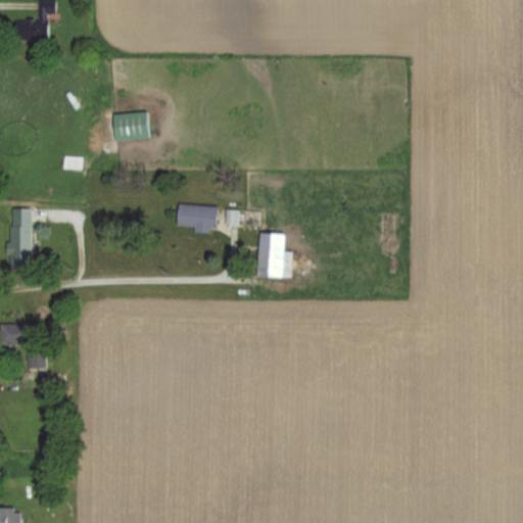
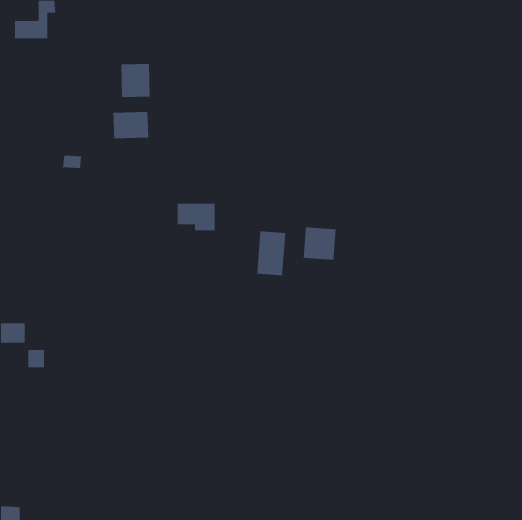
building: none -> [121,63,150,98]
building: [8,208,31,269] -> none
building: none -> [303,226,336,261]

